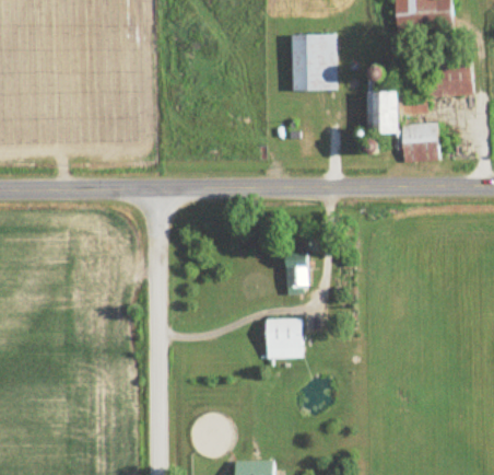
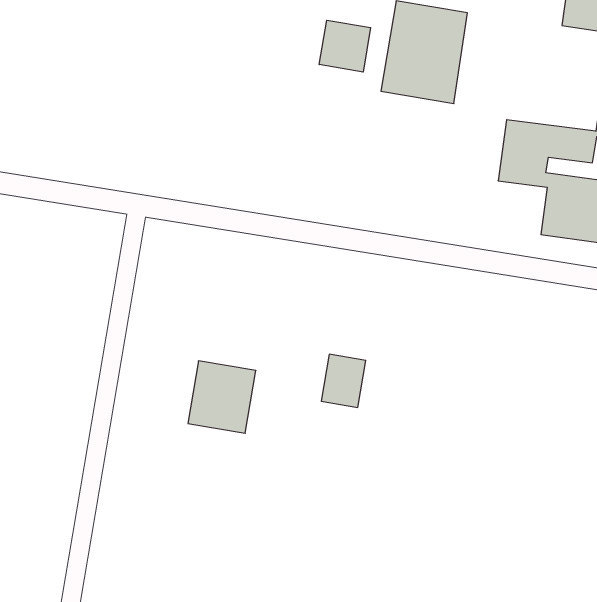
building: none -> [319,20,371,72]
building: [266,320,302,359] -> [188,361,256,433]

